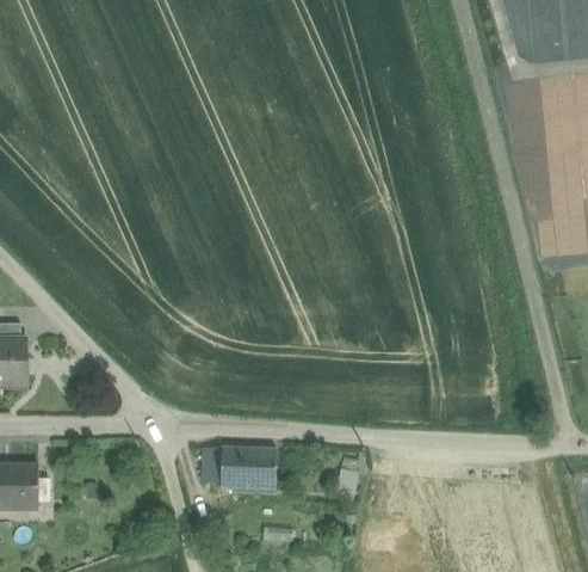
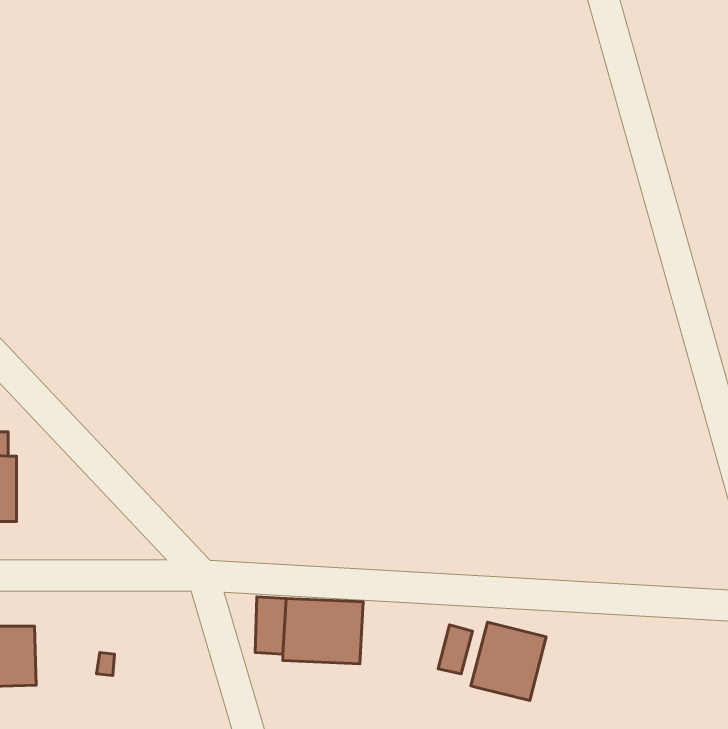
building: none -> [471,622,546,700]

